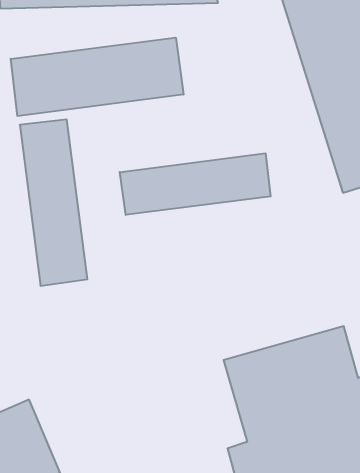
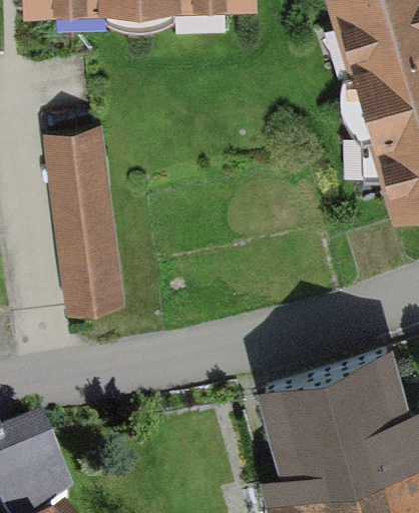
building: [11,38,184,116] -> none
building: [120,153,271,215] -> none

